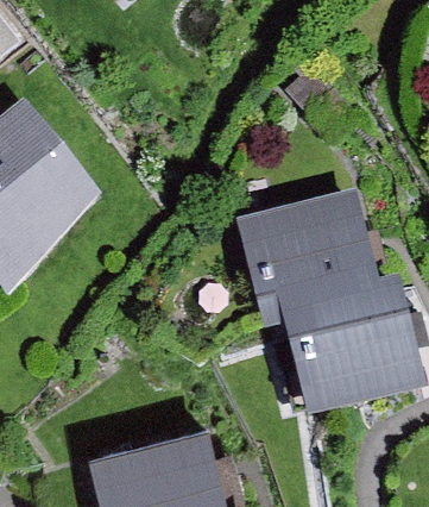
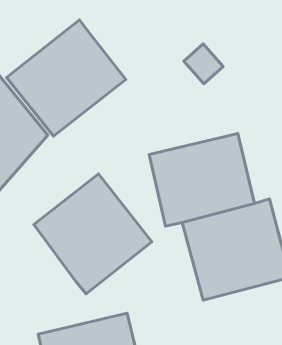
building: none -> [6,20,126,136]
building: none -> [34,174,152,294]

